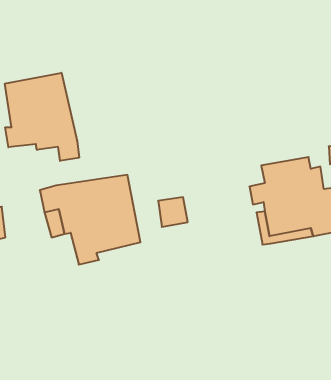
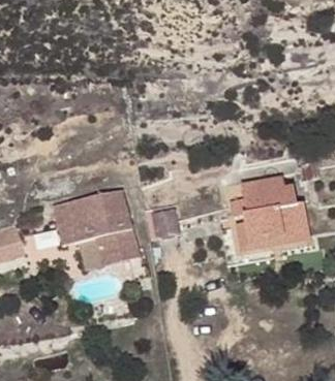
building: [5,73,79,161] -> none

